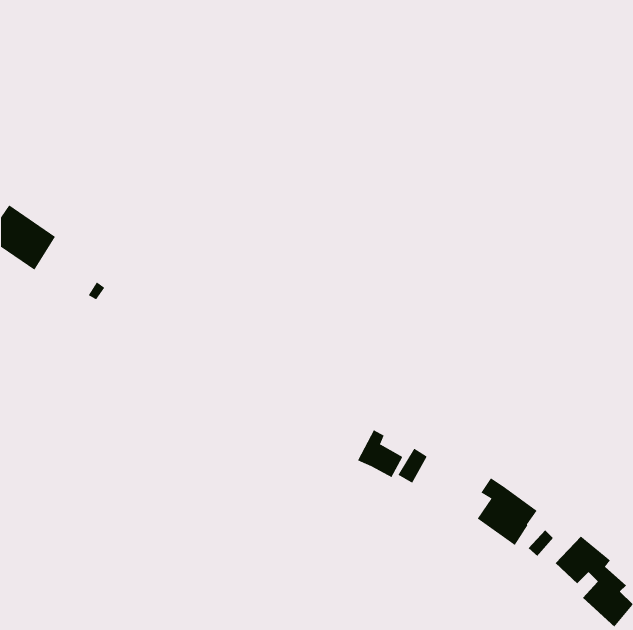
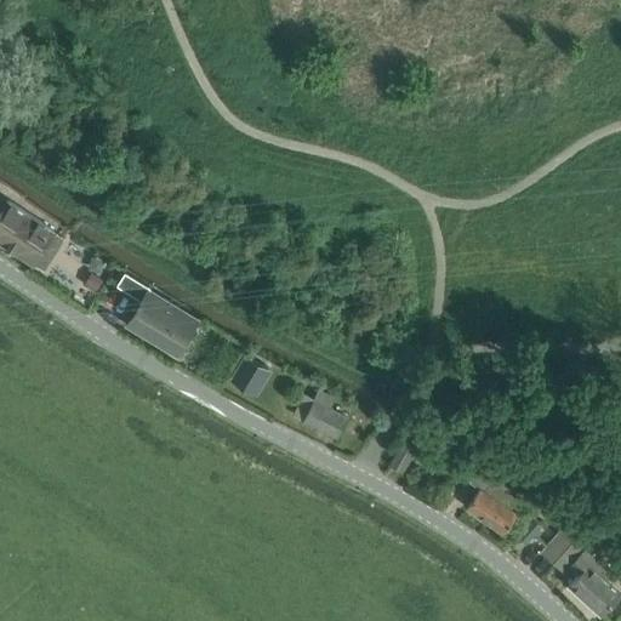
building: none -> [118,275,198,358]
building: none -> [232,359,268,397]
building: [357,429,403,478] -> [303,394,348,441]

